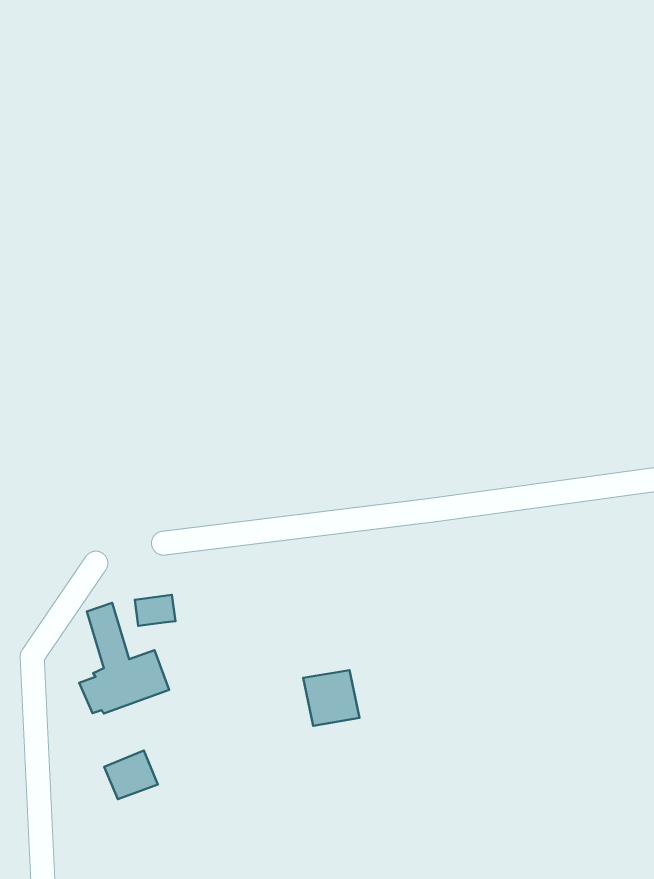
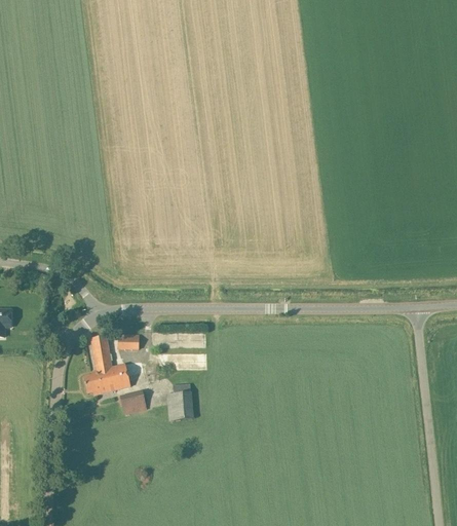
building: [303,670,360,726] -> [165,391,193,419]
building: [104,750,158,799] -> [118,389,146,414]

